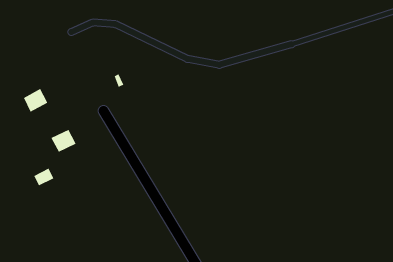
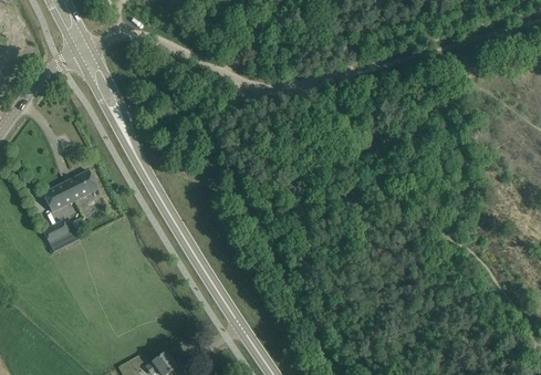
building: [23,88,48,112] -> [44,184,76,215]

